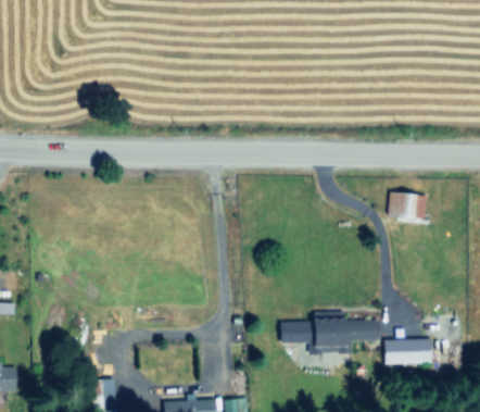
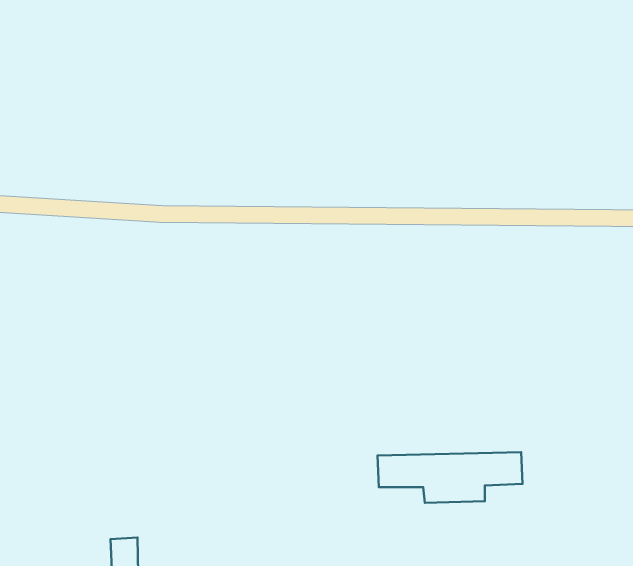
building: [390,192,419,216] -> none
building: [386,339,432,363] -> none

